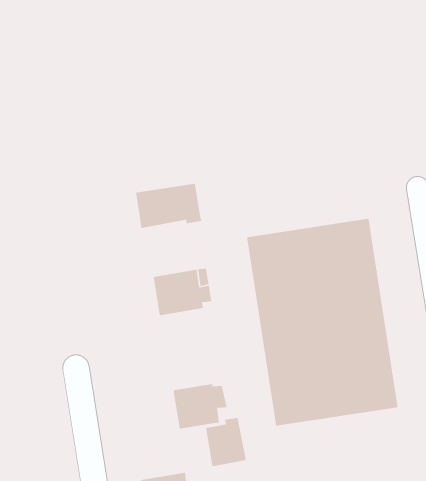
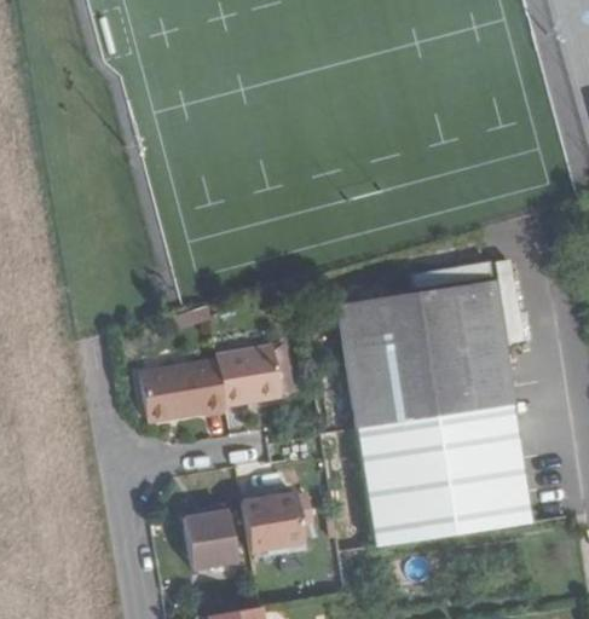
building: [135,183,202,229] -> [142,361,227,421]
building: [205,417,247,467] -> [184,504,237,568]

